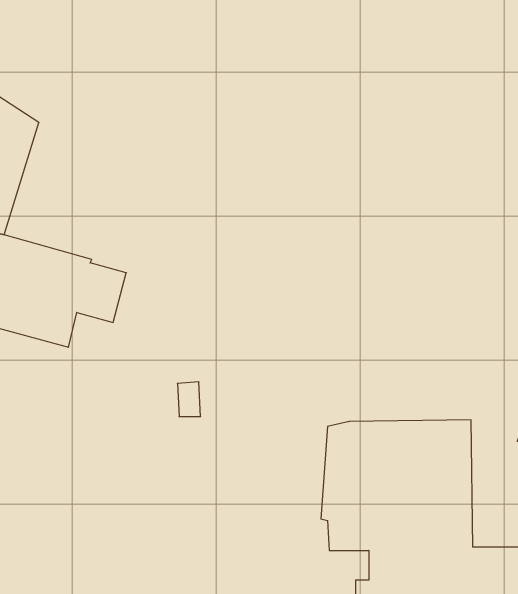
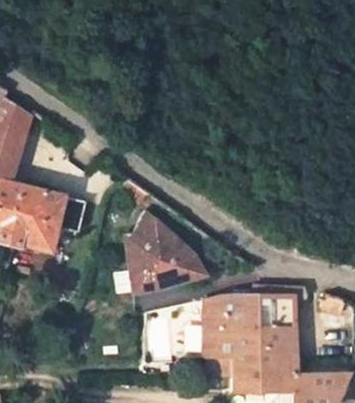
building: none -> [126,212,204,291]

